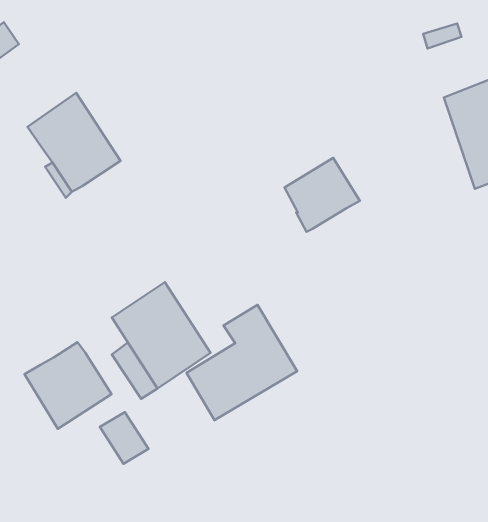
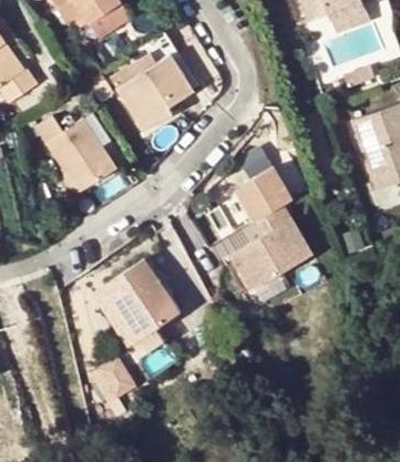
building: none -> [115,54,191,132]
building: [187,305,297,420] -> [229,203,312,289]
building: [25,342,112,429] -> none

